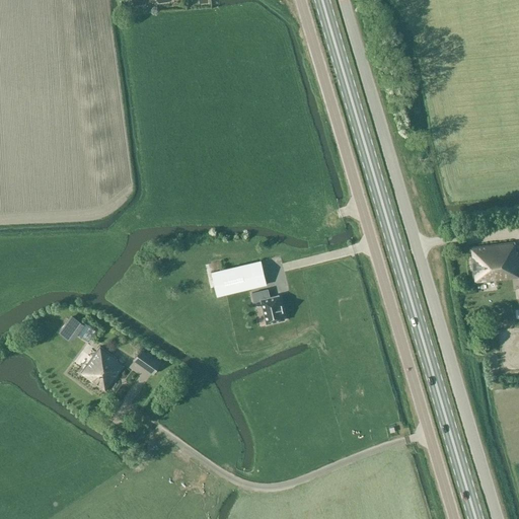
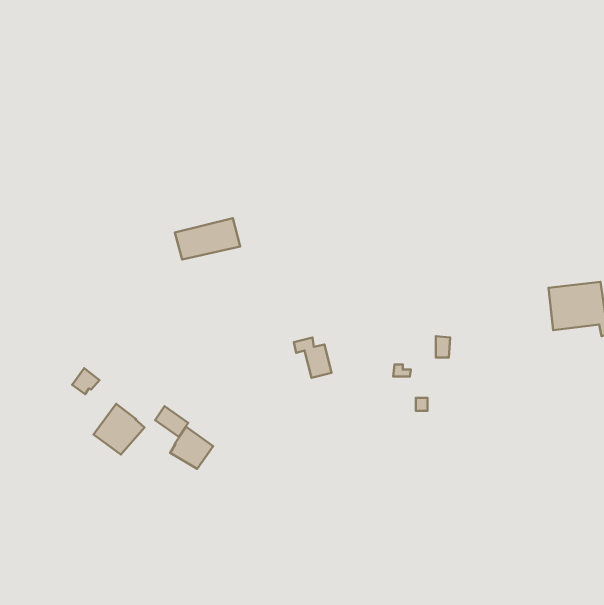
building: [212,261,268,296] -> [175,218,240,260]
building: none -> [170,427,213,469]

